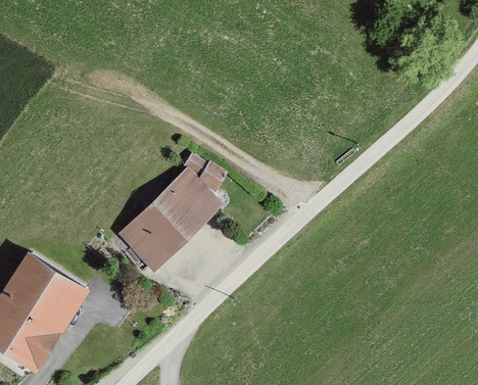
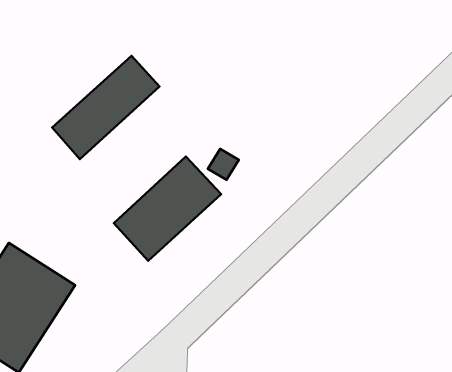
building: none -> [52,56,159,159]

